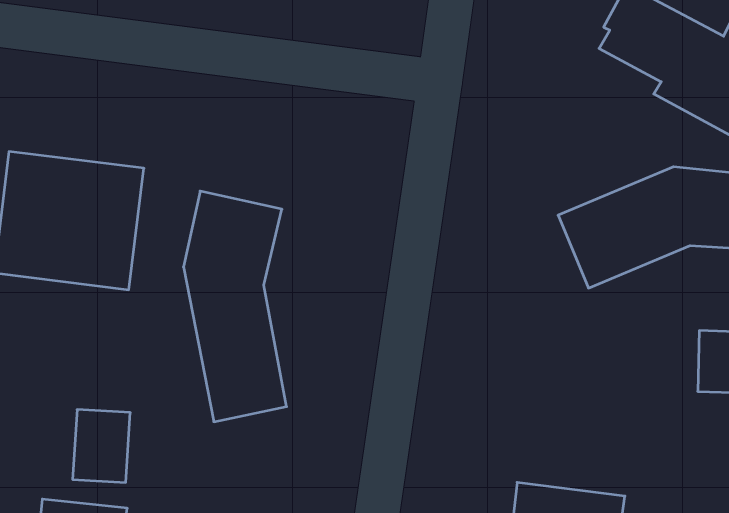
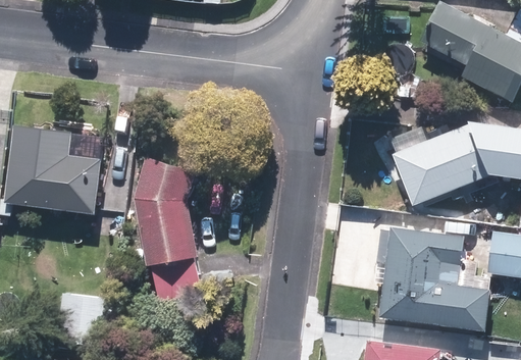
building: none -> [375,227,487,333]

